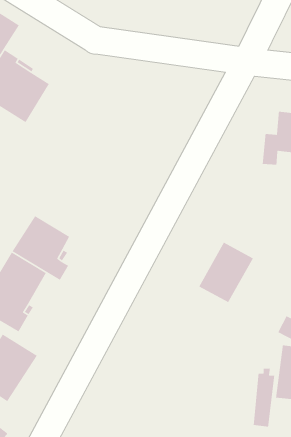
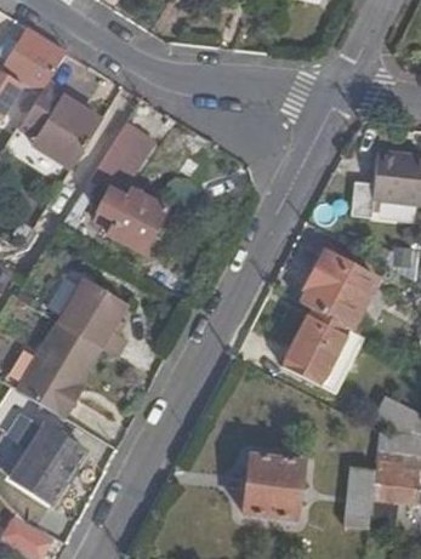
building: none -> [90,119,163,250]
building: none -> [300,258,376,330]
building: none -> [244,455,302,520]

